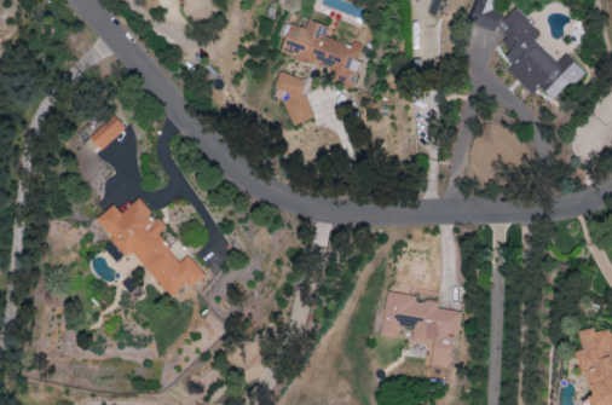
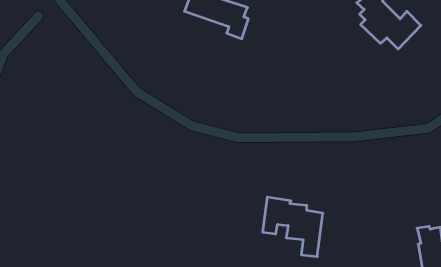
building: [278,73,316,126] -> none
building: [90,115,126,150] -> none
building: [97,197,203,299] -> none

